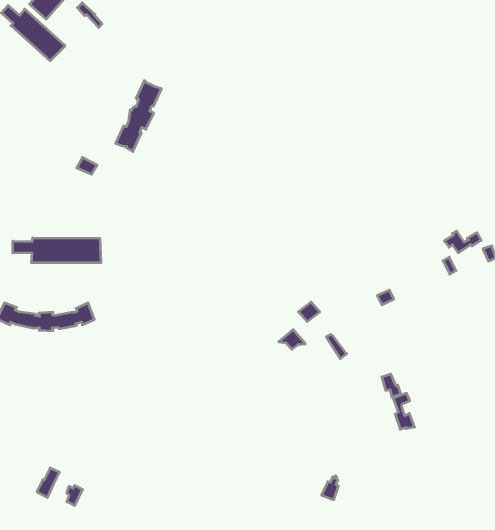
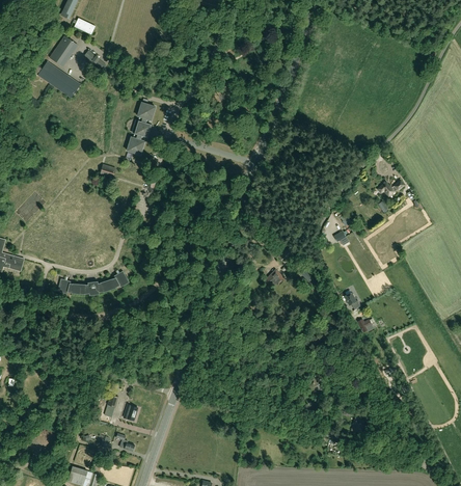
building: [13,238,101,263] -> none

